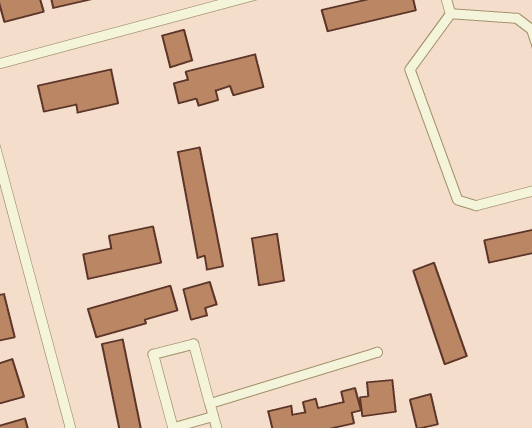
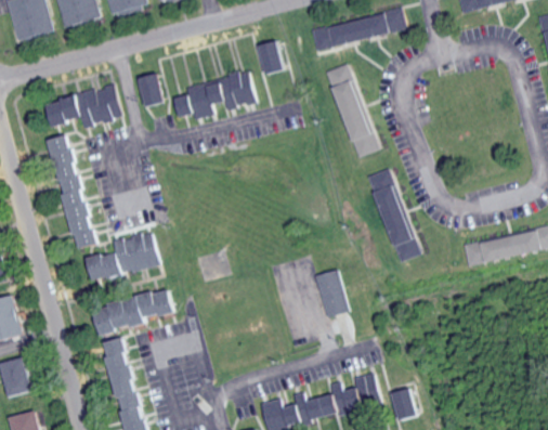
building: none -> [257,40,285,74]
building: [162,30,192,67] -> [136,73,165,107]
building: none -> [324,63,377,157]
building: [178,147,223,270] -> [51,134,93,248]
building: [252,234,284,285] -> [317,270,348,317]
building: [413,263,467,364] -> [368,168,418,262]
building: [184,282,217,320] -> none

